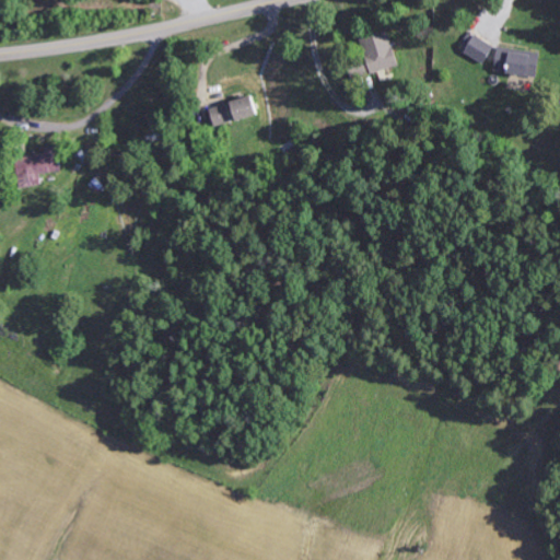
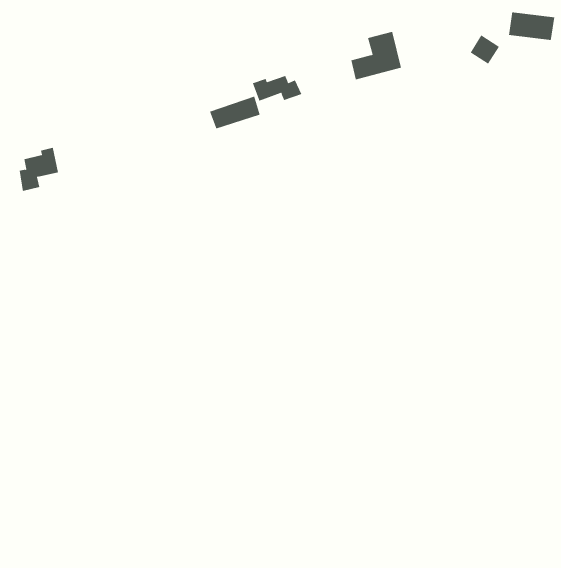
building: [491,48,537,77] -> [508,12,555,41]
building: none -> [252,75,302,101]

